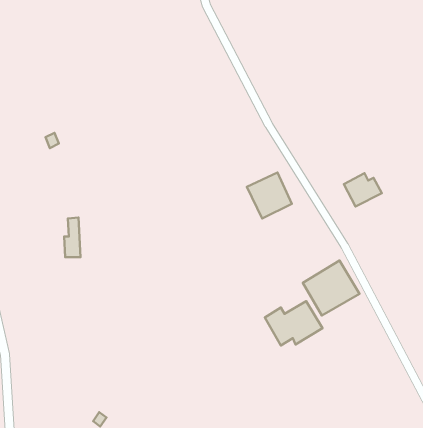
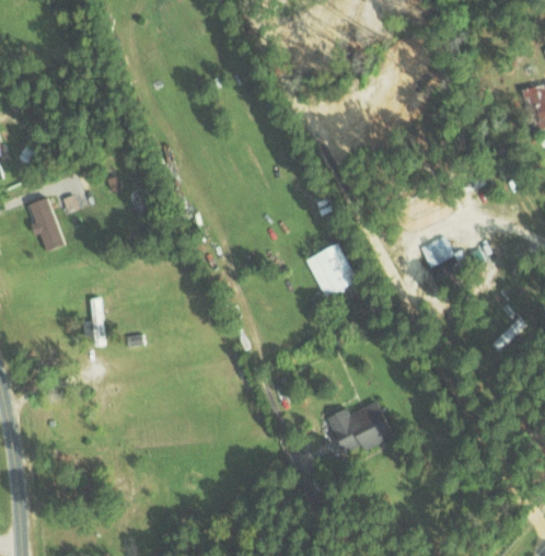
building: none -> [28,196,63,250]
building: [303,260,359,316] -> none

